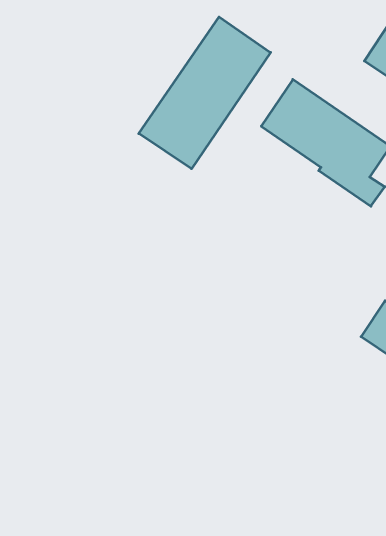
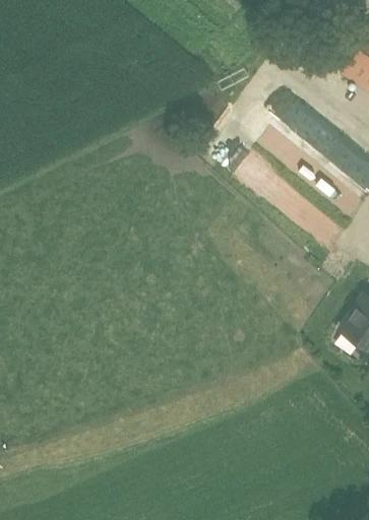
building: [139,17,271,169] -> none

